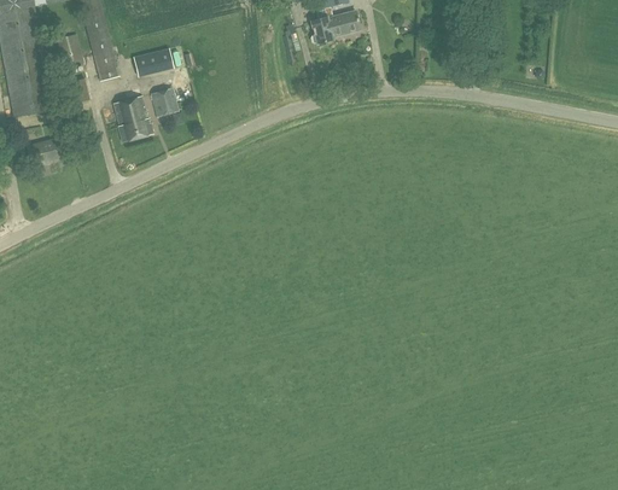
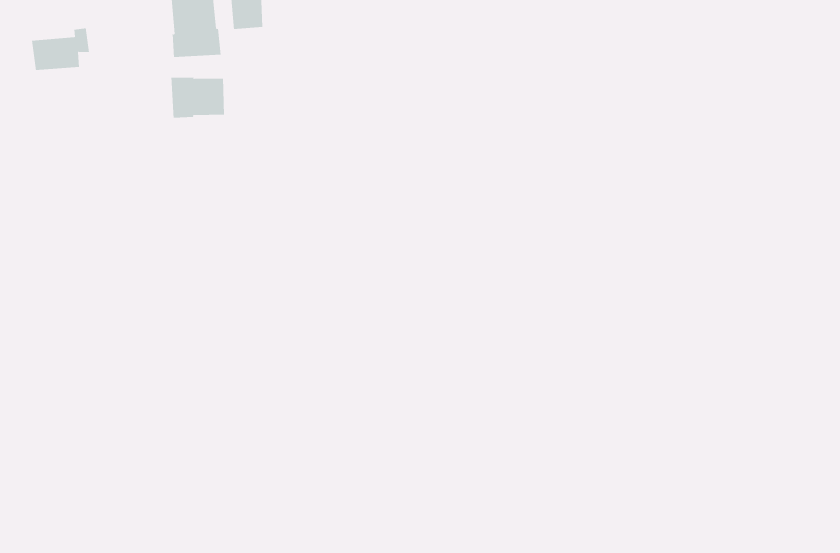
building: none -> [171,77,225,119]

